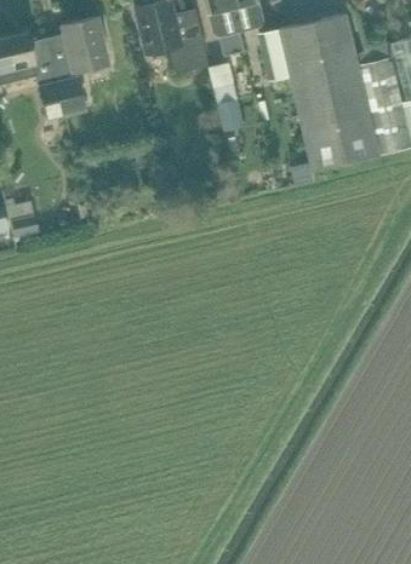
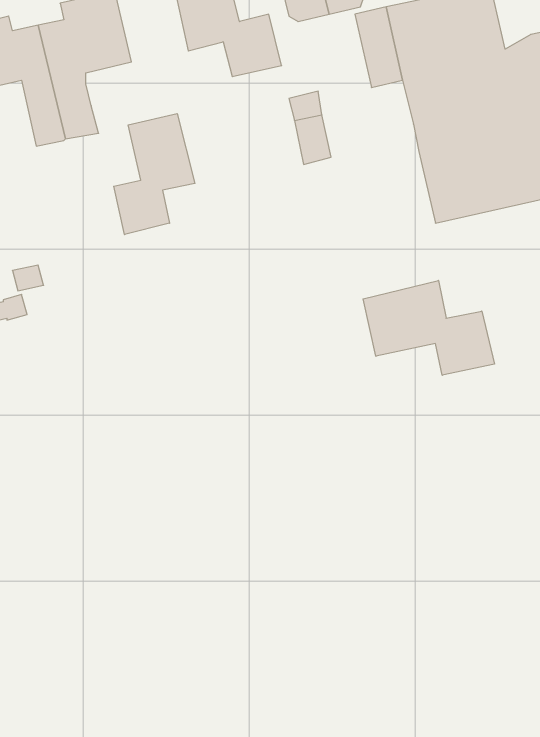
building: none -> [114,114,195,235]
building: none -> [363,280,494,375]

